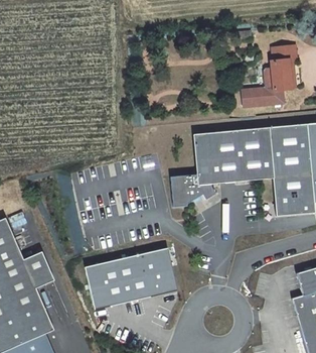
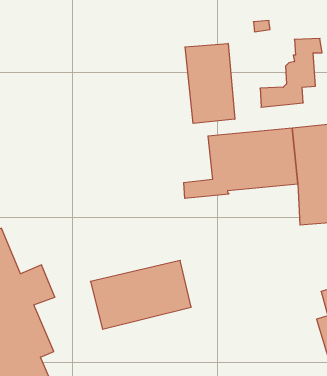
building: none -> [185,43,235,123]
building: [172,187,216,206] -> none

